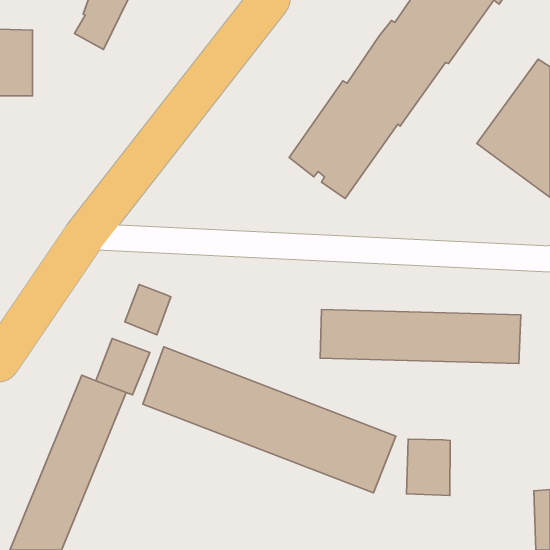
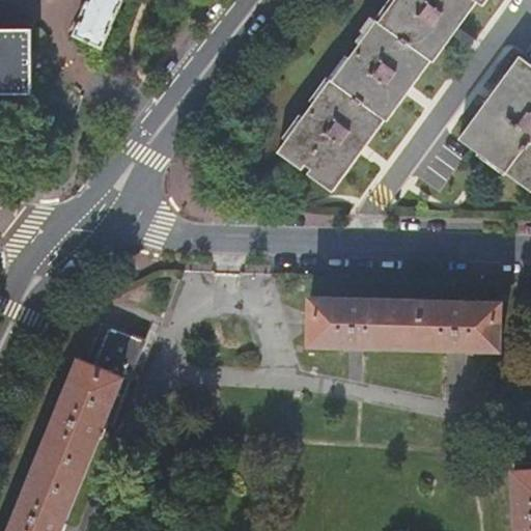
building: [125,285,171,335] -> none
building: [143,347,396,493] -> none
building: [407,439,450,495] -> none

